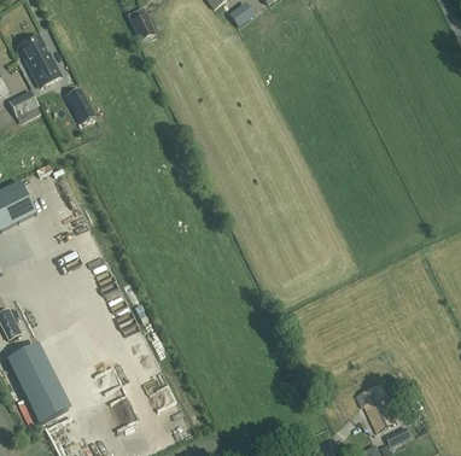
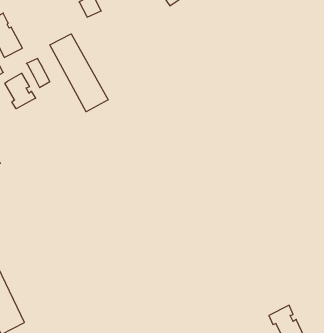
building: none -> [50,34,108,112]
building: none -> [5,73,36,109]

